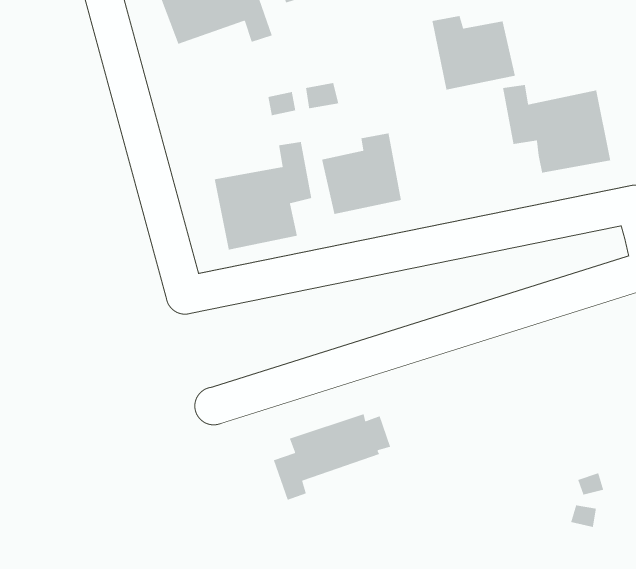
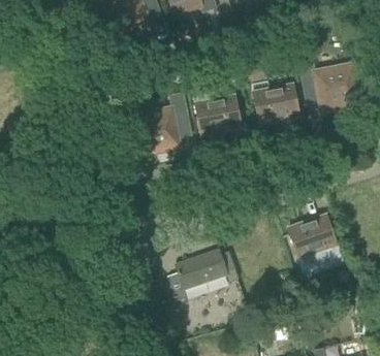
building: [432,15,516,90] -> [252,80,300,124]
building: none -> [288,215,338,266]

